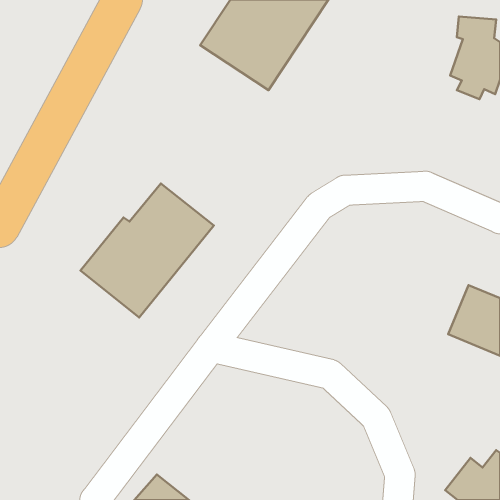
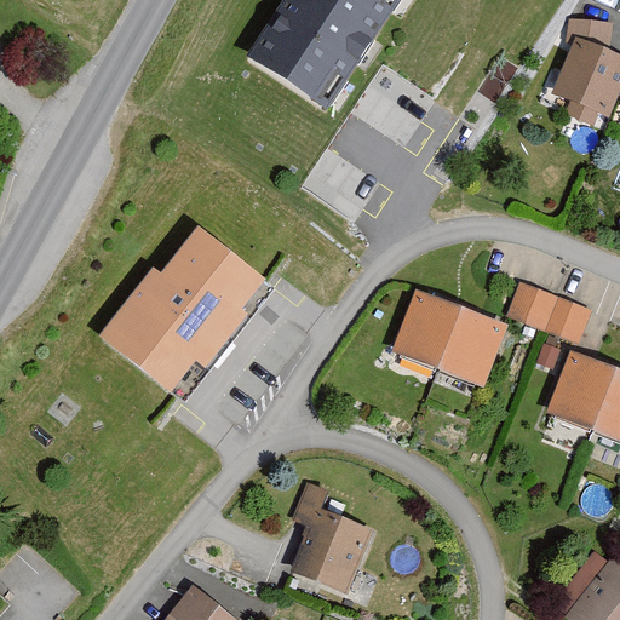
building: none -> [507,282,592,344]
building: none -> [391,291,505,385]
building: none -> [291,484,373,592]

